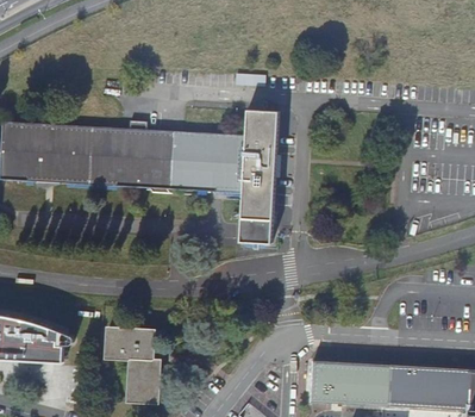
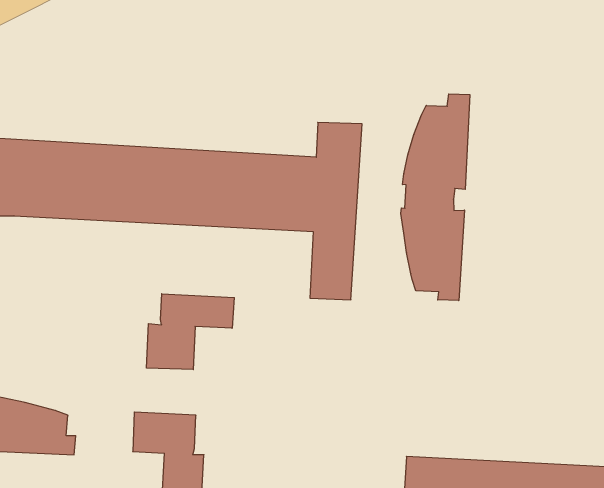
building: none -> [401,94,470,301]
building: none -> [147,294,234,370]

